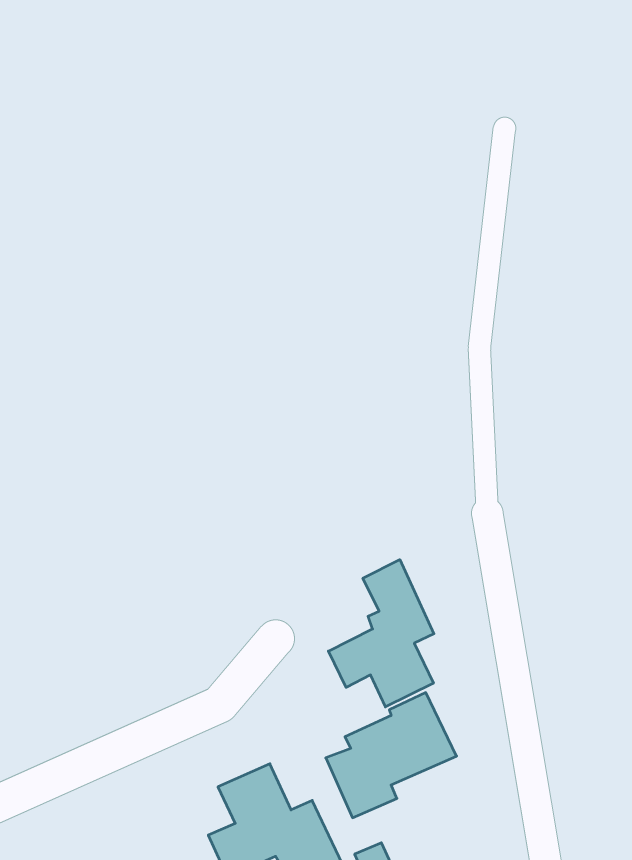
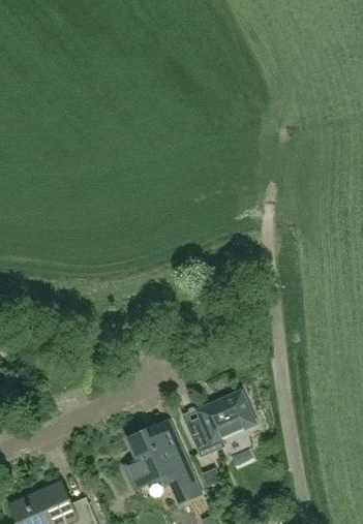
building: [328,560,434,707] -> none

